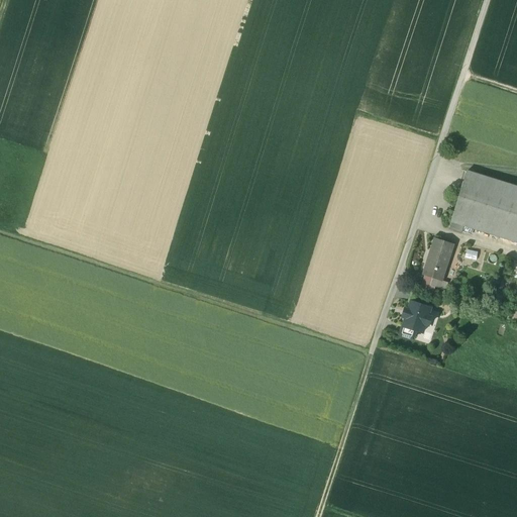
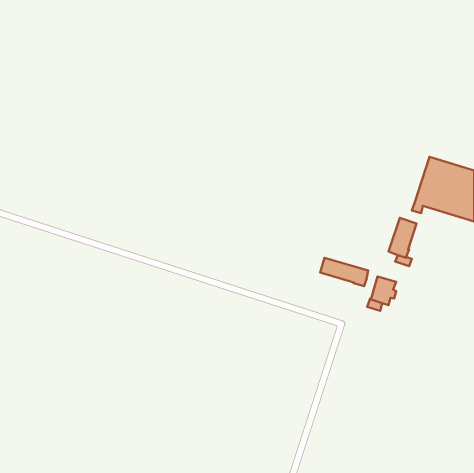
building: none -> [320,258,368,286]

